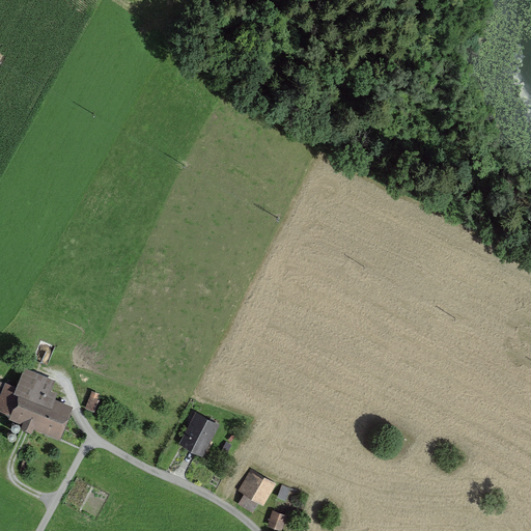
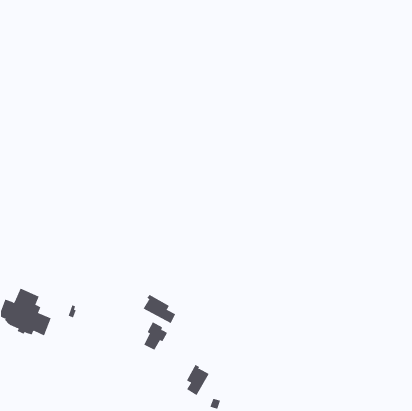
building: none -> [143,294,176,324]

